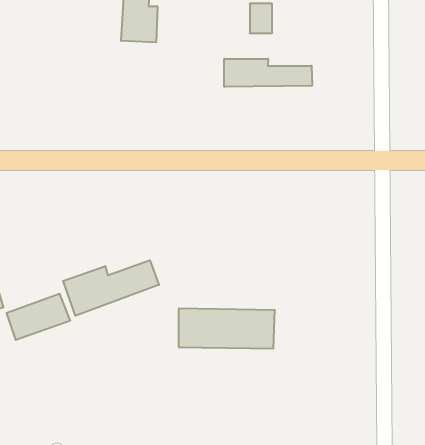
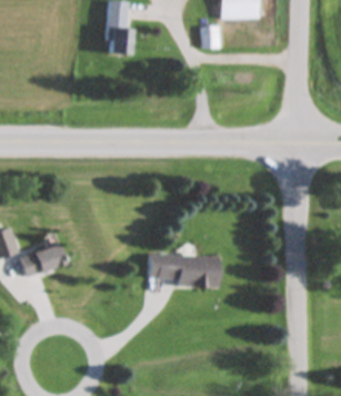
building: [224,59,312,87] -> none
building: [63,260,159,316] -> none

